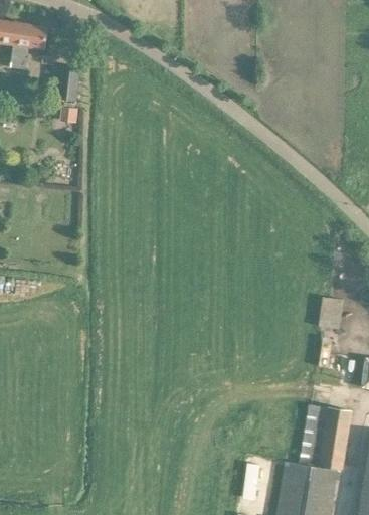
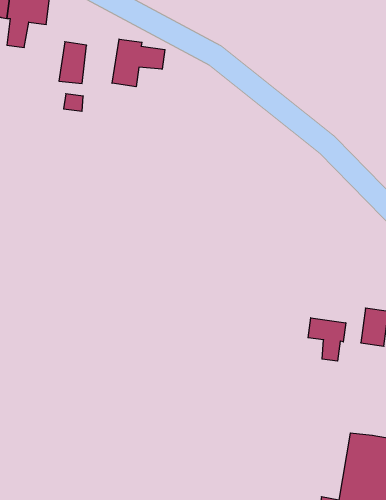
building: none -> [112,39,165,87]
building: none -> [308,318,346,361]

